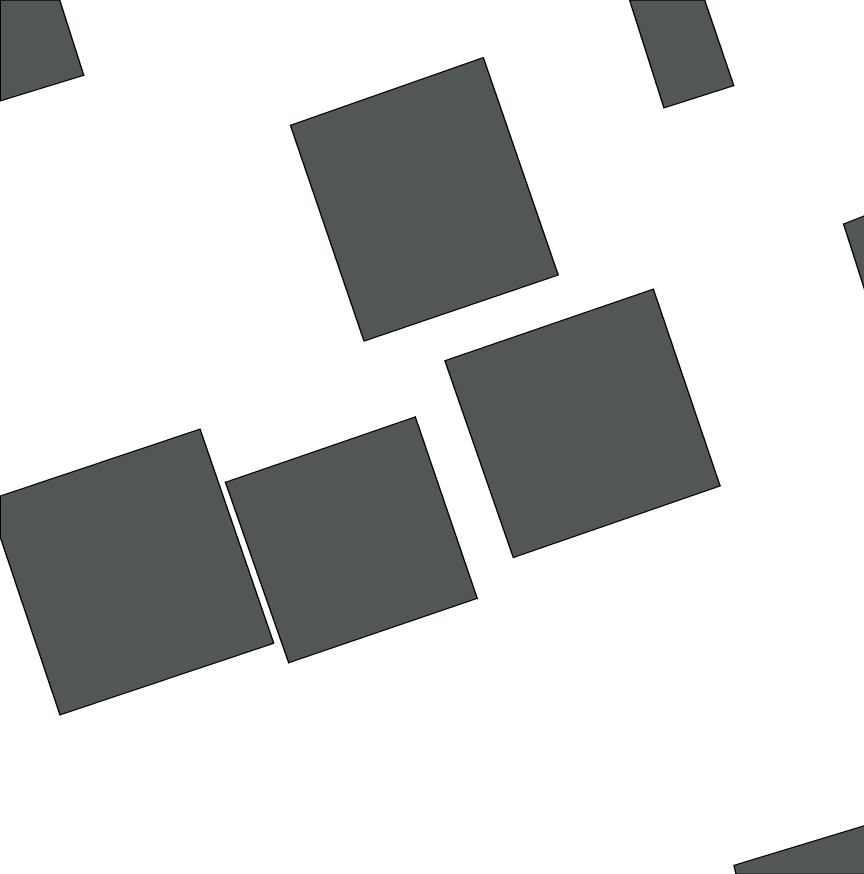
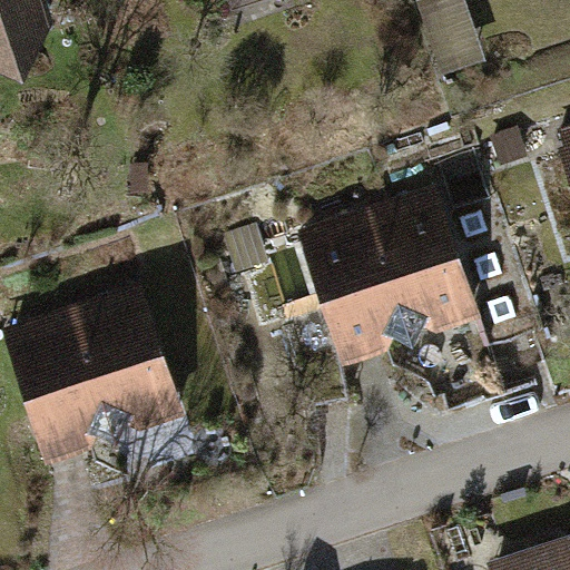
building: [290,58,558,341] -> none
building: [225,417,477,663] -> none

